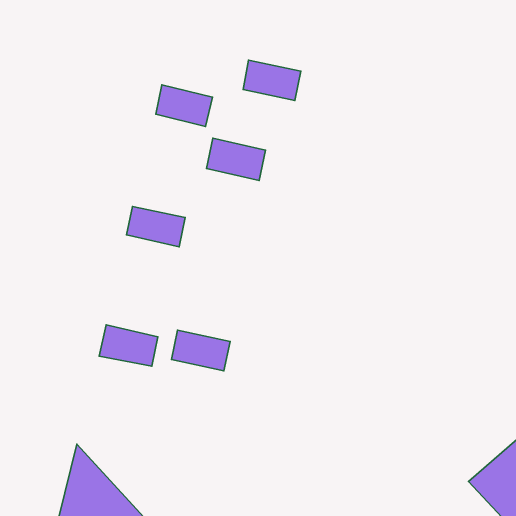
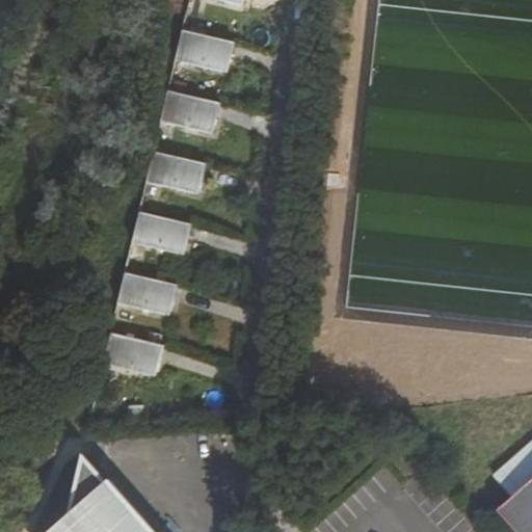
building: [243,60,301,101] -> [175,28,234,70]
building: [207,138,265,181] -> [147,150,207,193]
building: [171,330,230,371] -> [117,274,178,316]

